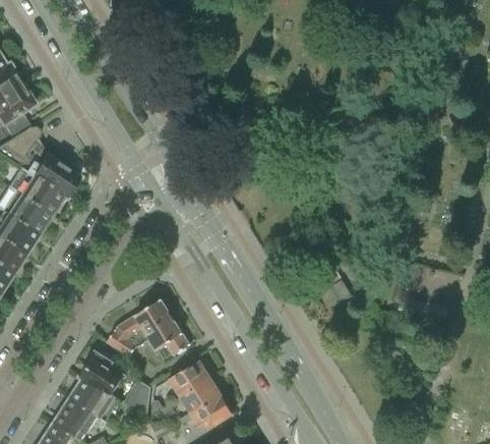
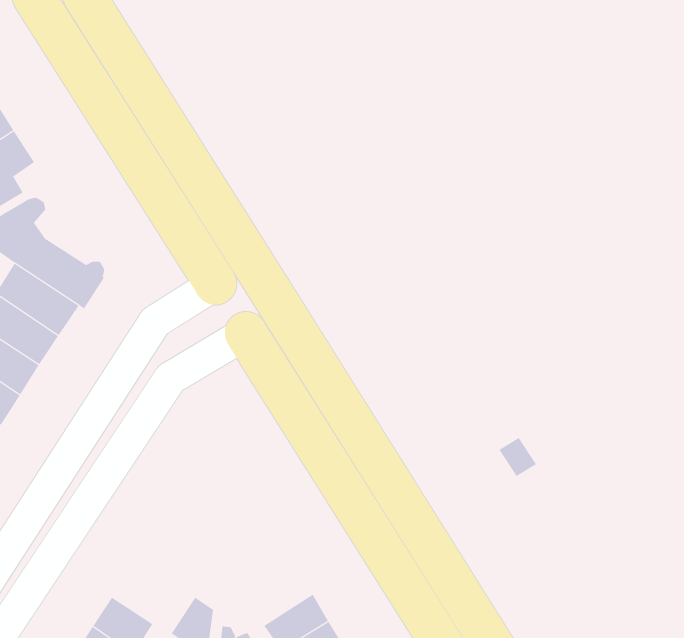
building: [107,299,189,360] -> none
building: [78,353,127,398] -> none
building: [167,360,210,399] -> none

